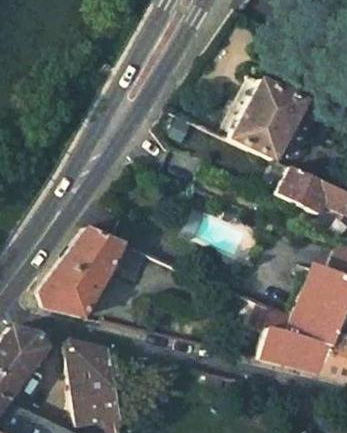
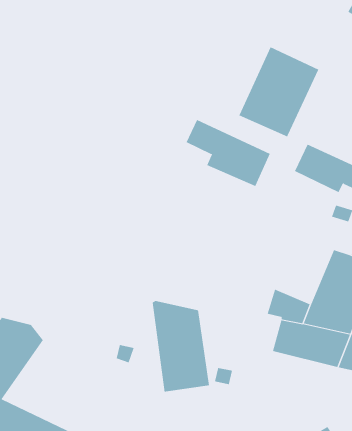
building: none -> [186,119,270,187]
building: [38,227,148,317] -> none
building: [65,342,118,426] -> [152,300,210,392]

